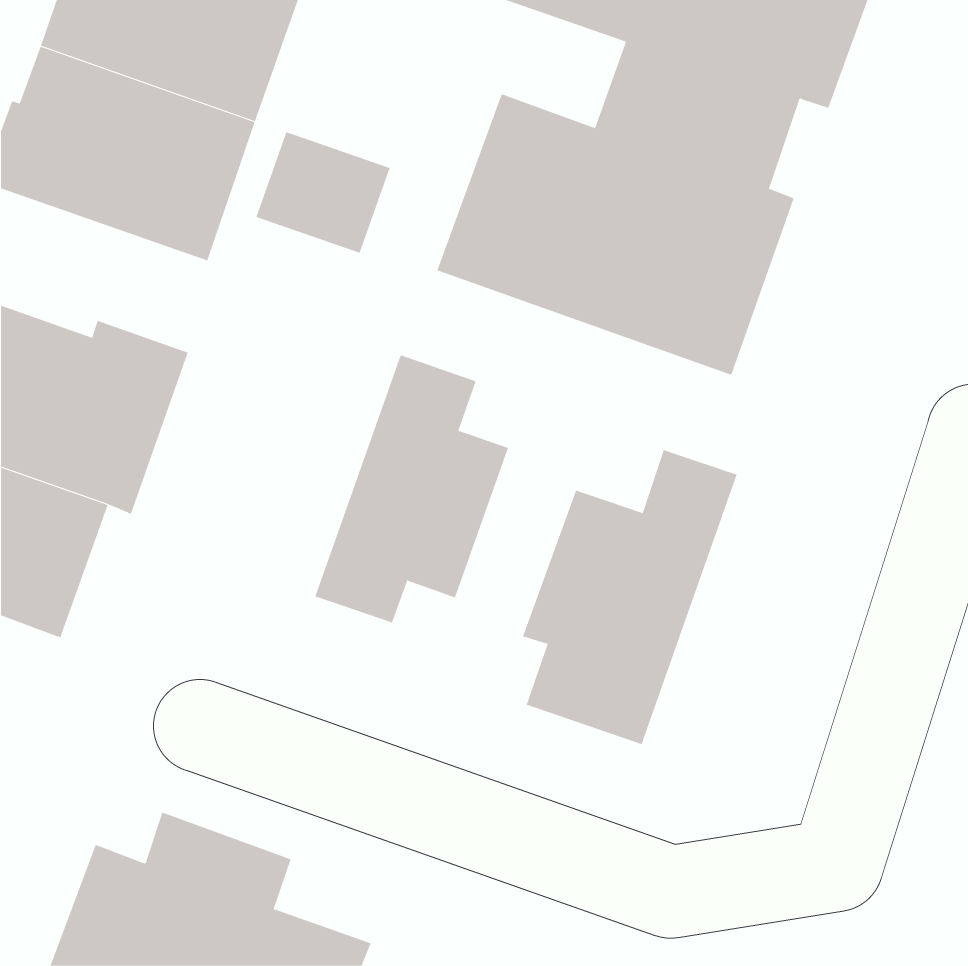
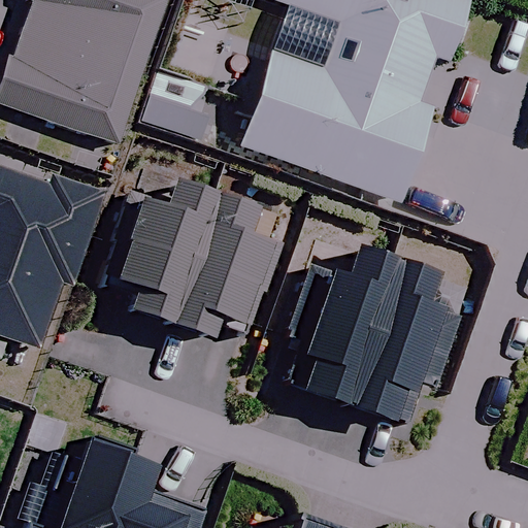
building: none -> [106,167,220,323]
building: none -> [351,257,462,422]

